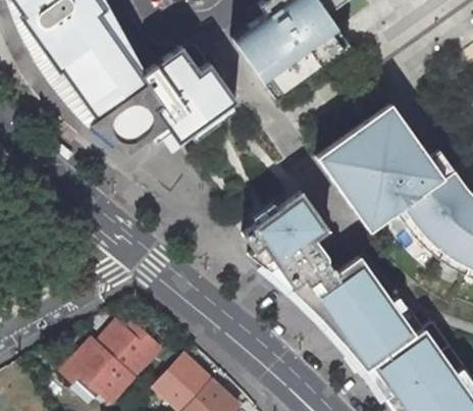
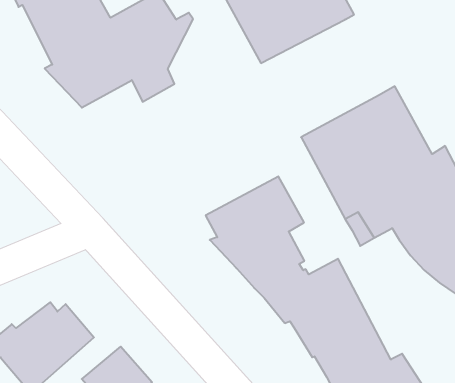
building: [195,65,234,122] -> none

